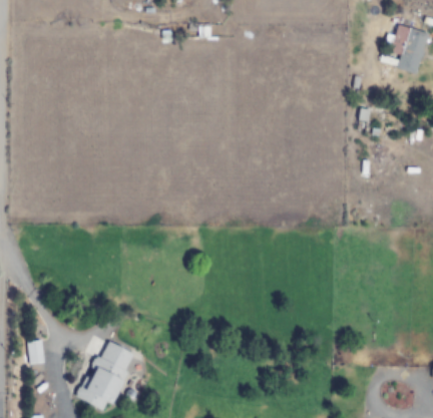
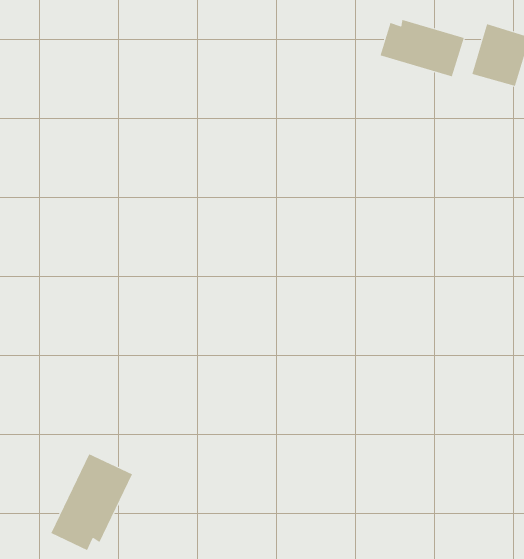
building: none -> [380,19,464,77]

